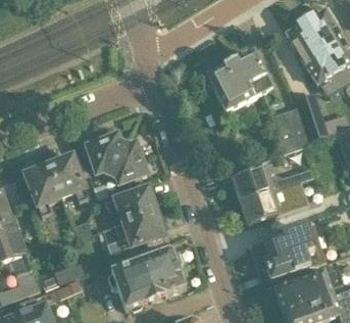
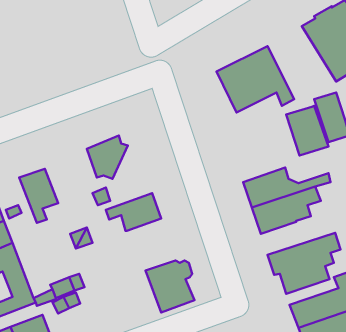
building: [110,141,145,182] -> none
building: [48,153,88,199] -> none
building: [106,209,163,250] -> none
building: [107,257,155,308] -> none

